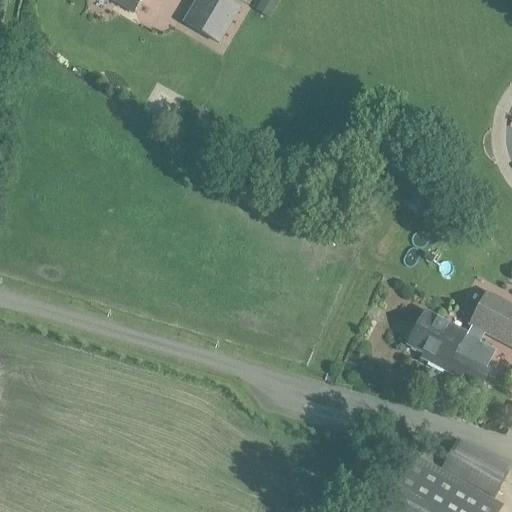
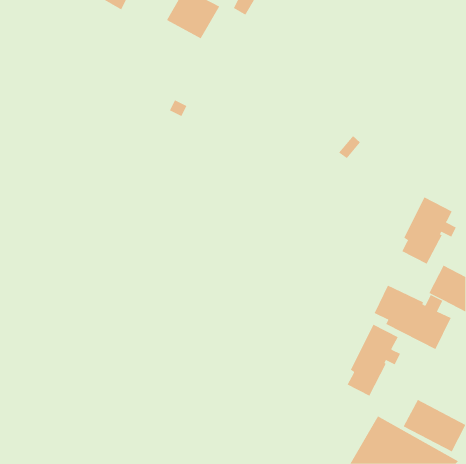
building: none -> [401,196,457,265]
building: none -> [347,324,401,396]

